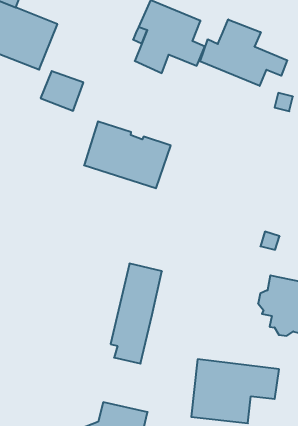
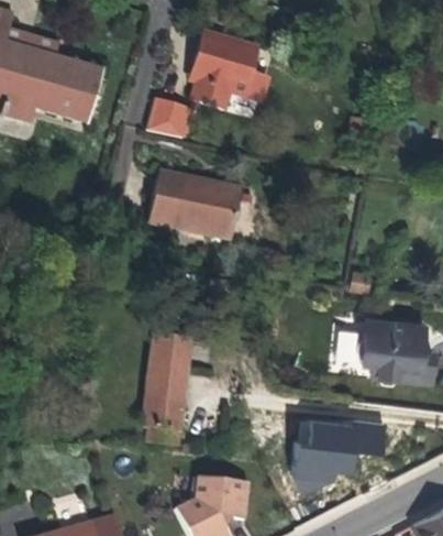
building: [200,19,287,86] -> none
building: [41,71,83,111] -> [146,98,191,139]
building: [111,264,162,364] -> [143,336,190,444]

